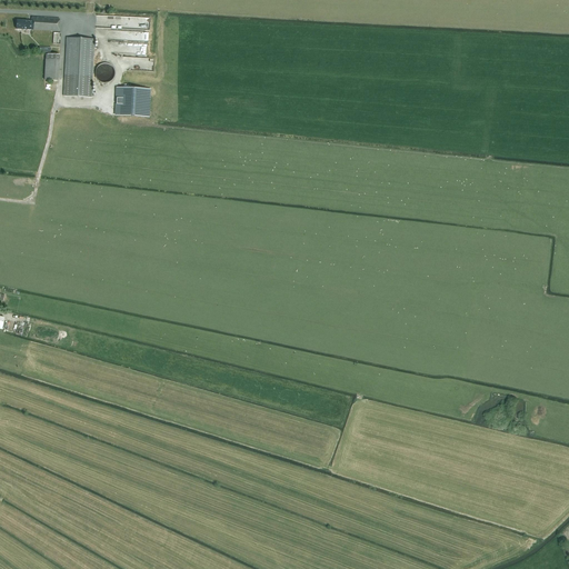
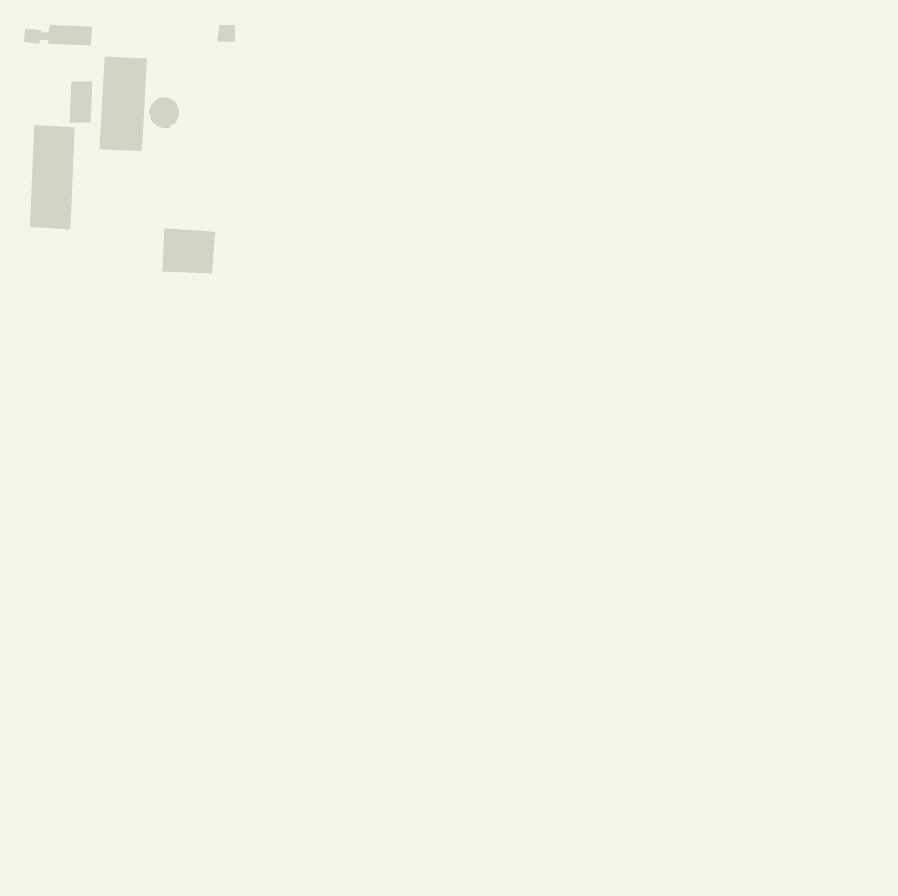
building: none -> [29,124,75,230]
building: [114,86,149,114] -> [162,228,216,274]

